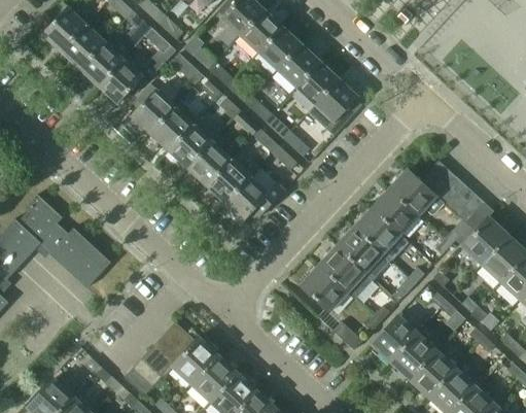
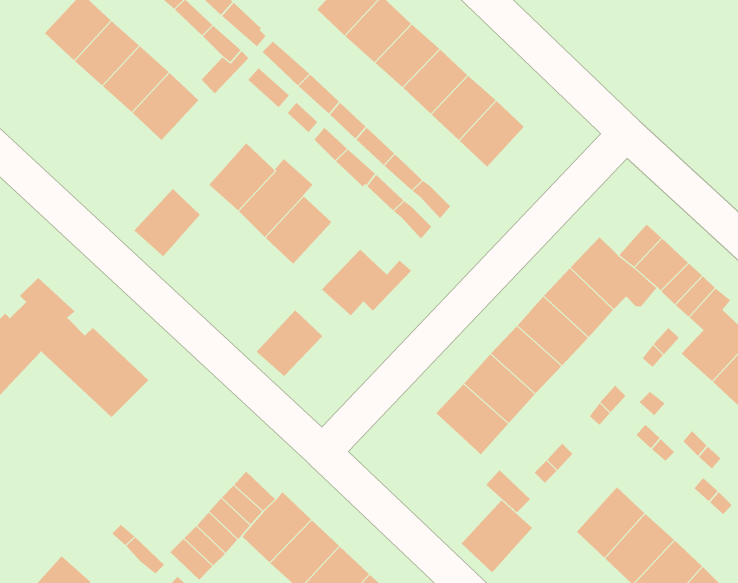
building: [131,90,175,135] -> [134,188,201,257]
building: [206,160,250,204] -> [256,309,323,377]
building: [372,315,419,364] -> [461,500,533,573]

